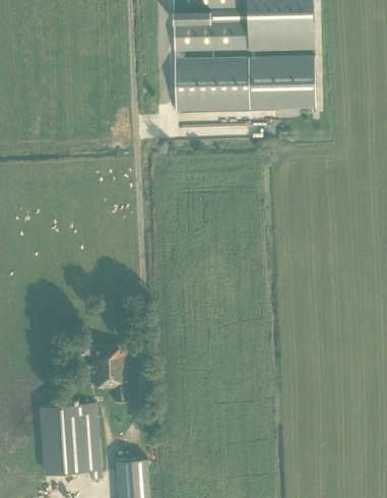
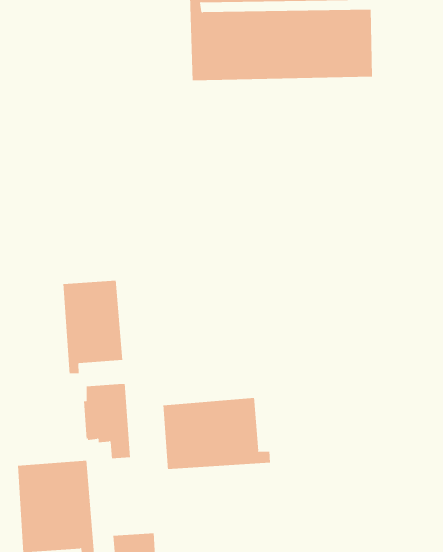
building: none -> [63,280,123,374]
building: none -> [163,397,270,470]

